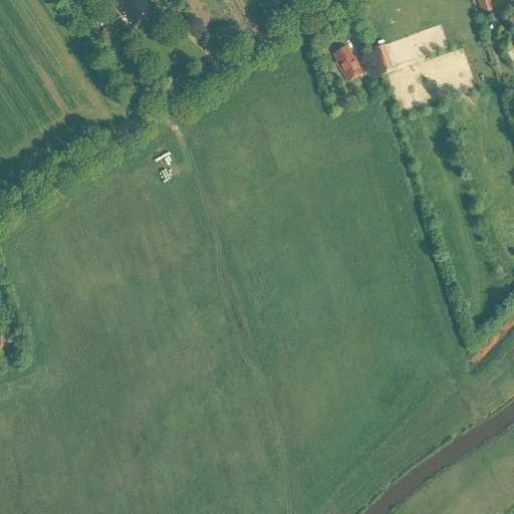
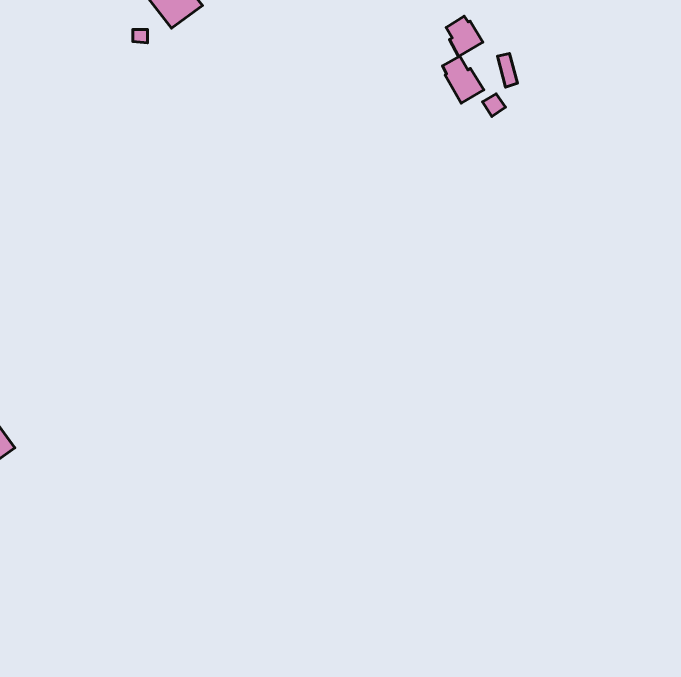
building: none -> [446,16,483,57]

